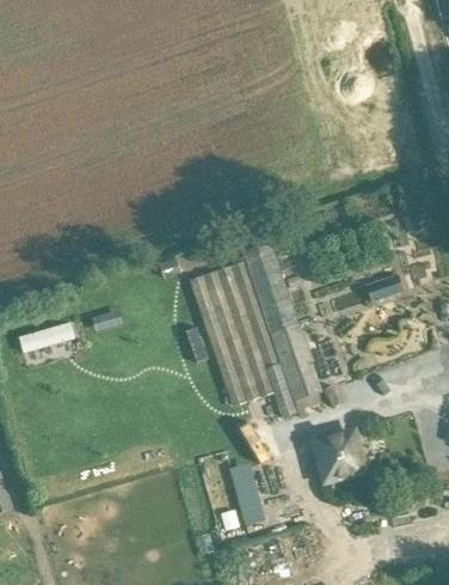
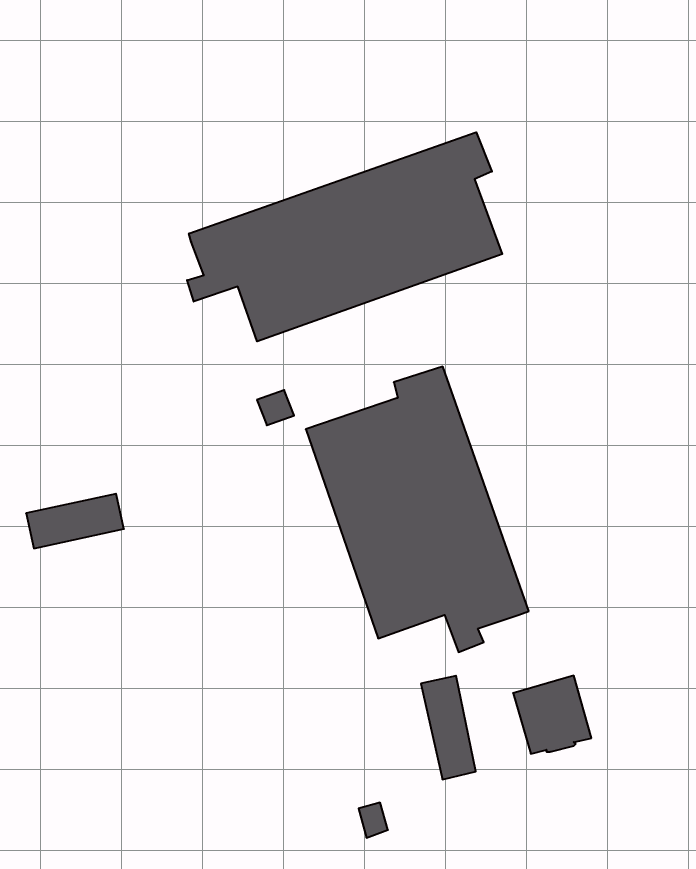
building: none -> [187,132,502,341]
building: [229,461,263,524] -> [421,676,476,779]

